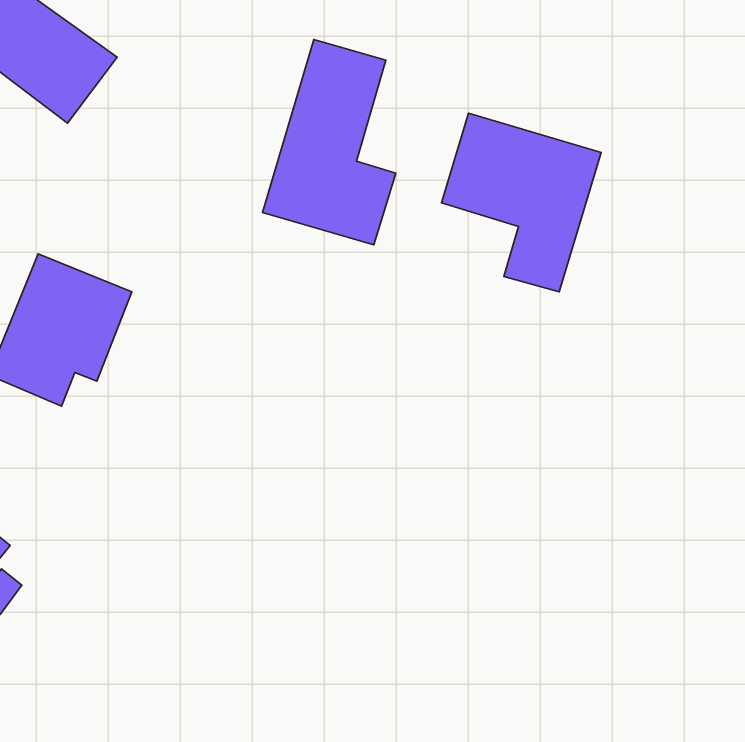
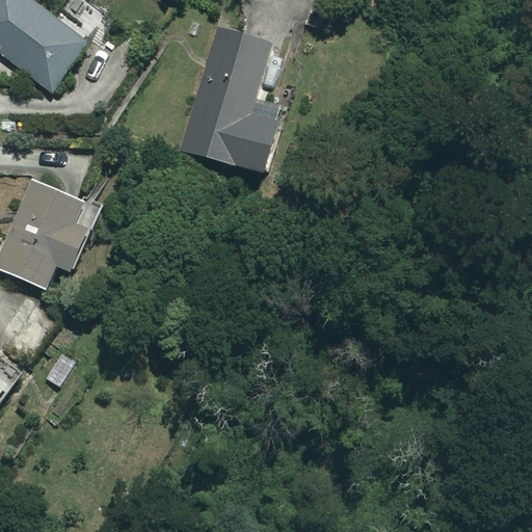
building: [441,113,601,292] -> none

